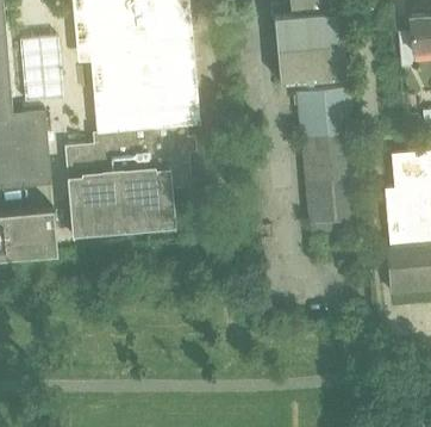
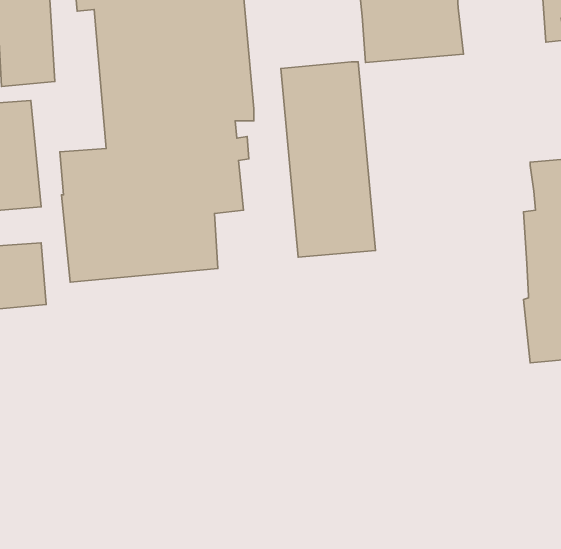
building: [296,88,362,224] -> [281,62,375,257]

